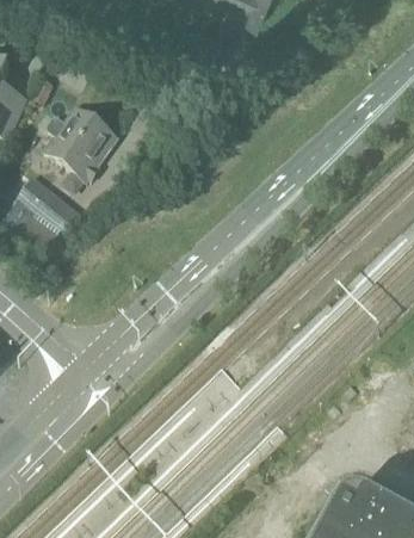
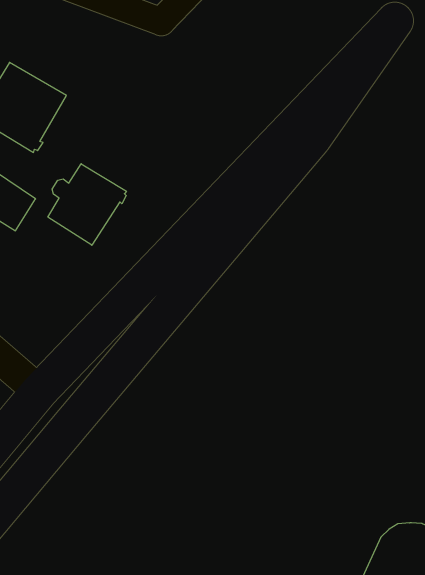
building: none -> [48,164,126,245]

